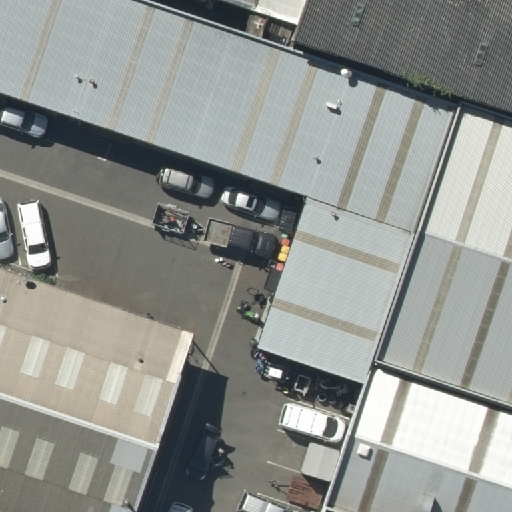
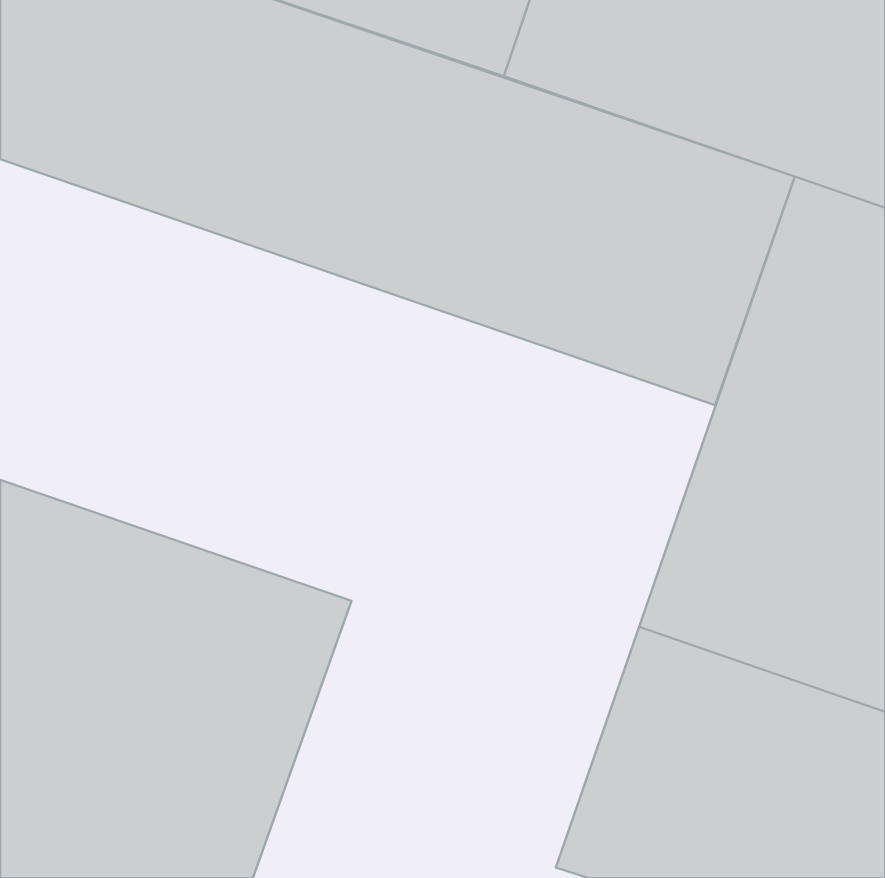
building: [261,200,413,387] -> none

